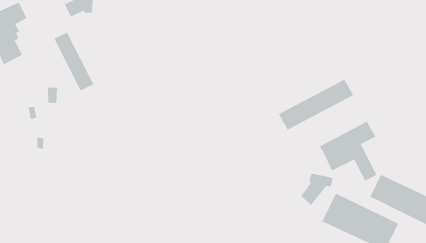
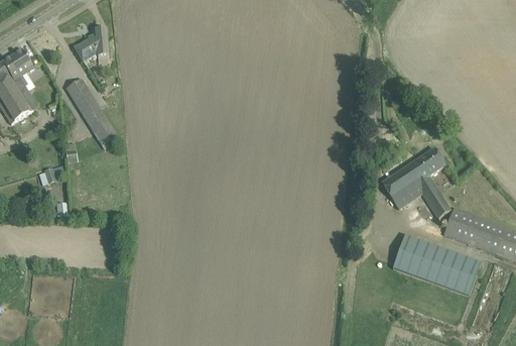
building: [278,79,354,130] -> none
building: [300,173,334,206] -> none

